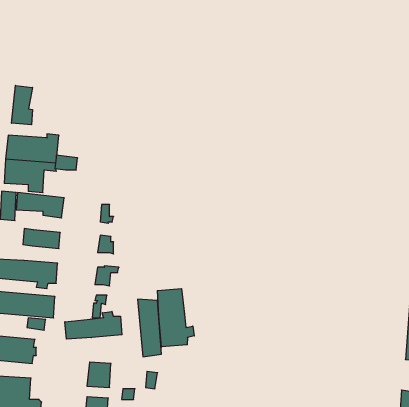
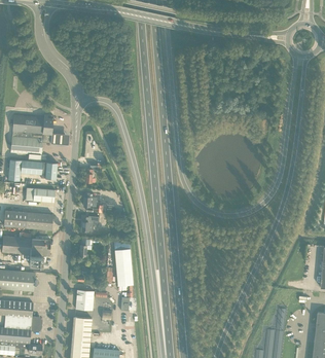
building: [12,85,32,125] -> none
building: [157,289,194,347] -> none
building: [65,311,122,339] -> none

